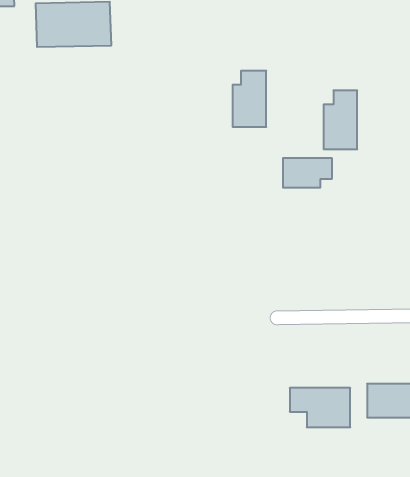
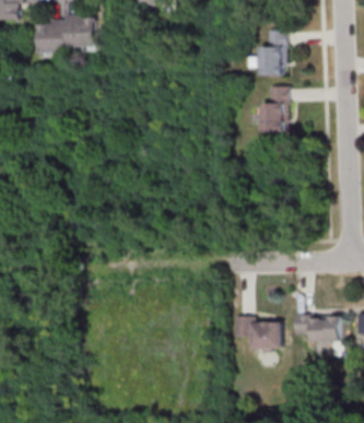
building: [233,71,266,127] -> [259,31,285,74]
building: [283,158,332,188] -> none

